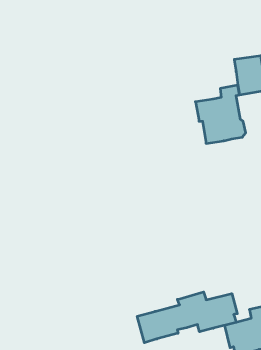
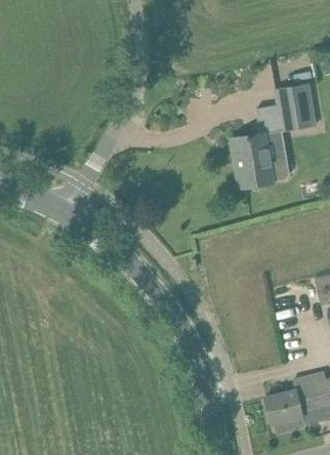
building: [137,292,237,343] -> none

